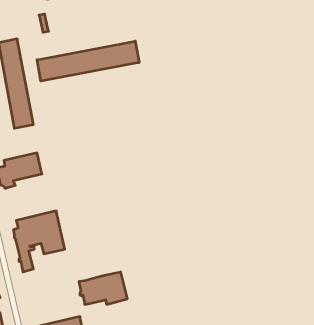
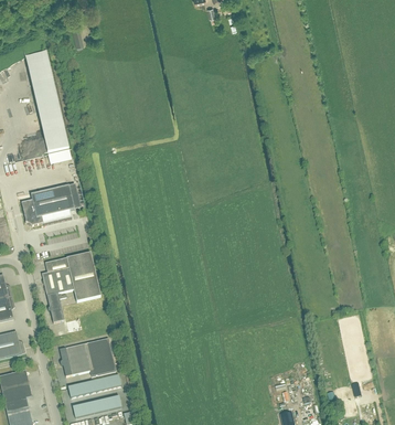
building: [37,41,139,81] -> none
building: [79,272,127,304] -> [60,338,116,375]

